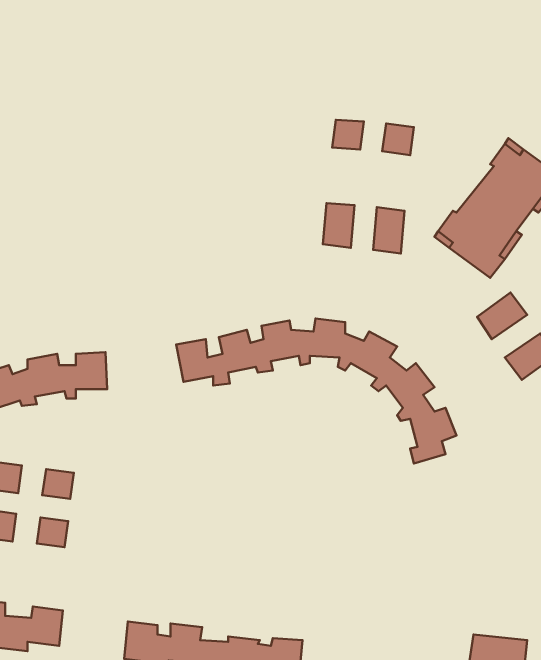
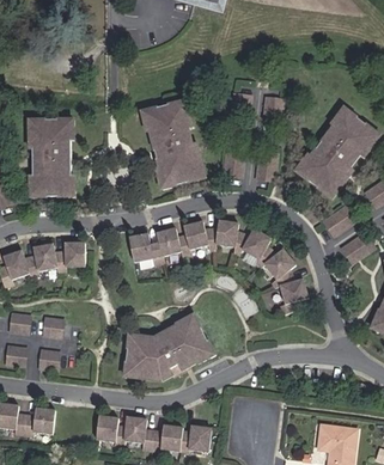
building: none -> [142,100,203,185]
building: none -> [29,120,73,196]
building: none -> [126,318,209,380]

